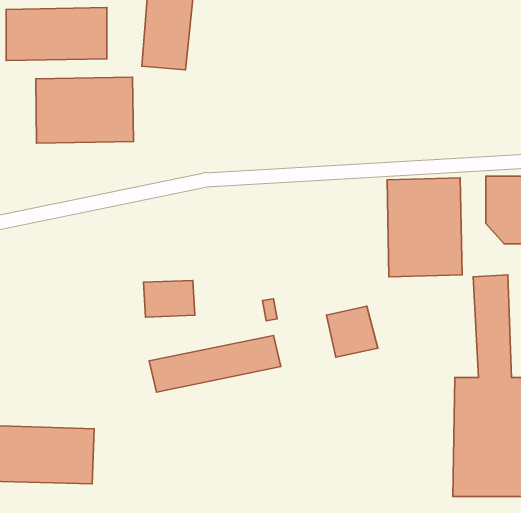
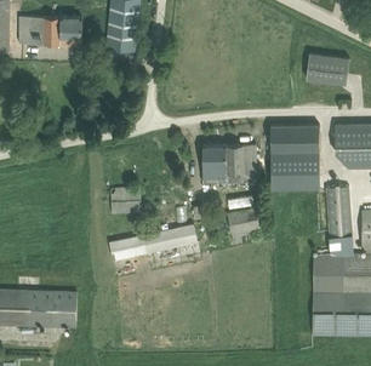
building: none -> [306,56,348,82]
building: [36,77,133,143] -> none
building: none -> [202,144,257,182]

